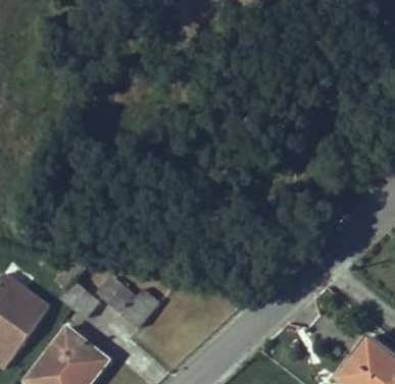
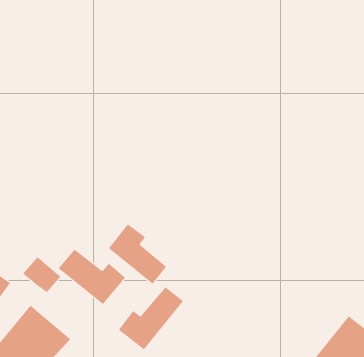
building: none -> [108,223,167,284]
building: none -> [118,286,184,350]

